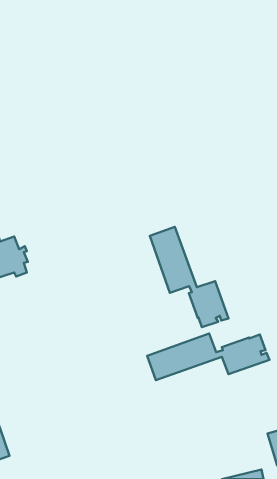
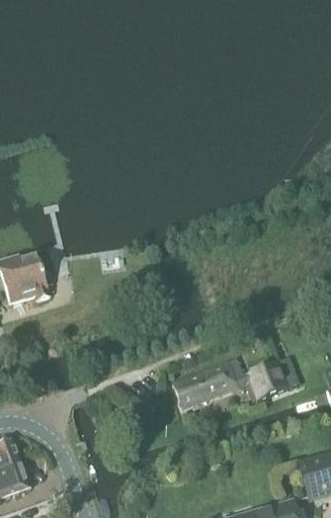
building: [150,227,228,327] -> none

